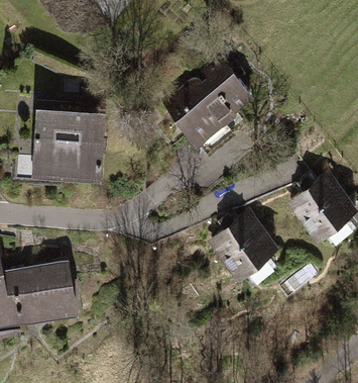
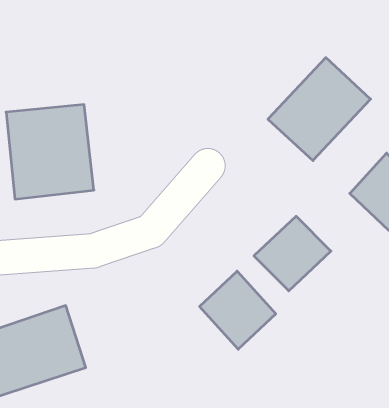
building: [167,64,248,141] -> [268,58,371,161]
building: none -> [200,271,276,349]

